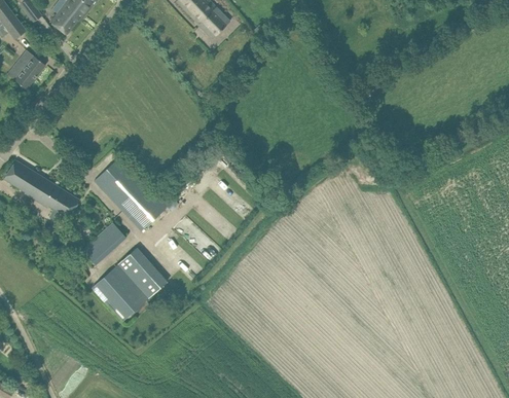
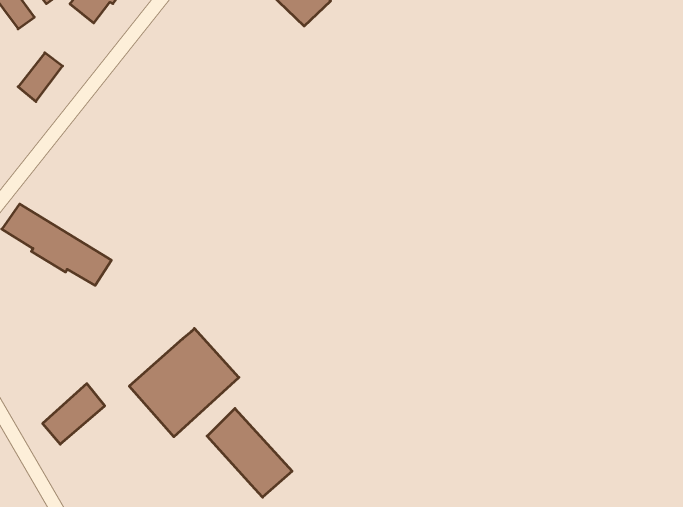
building: [94,157,166,230] -> none
building: [82,222,125,264] -> [43,384,105,444]
building: none -> [207,408,292,497]

